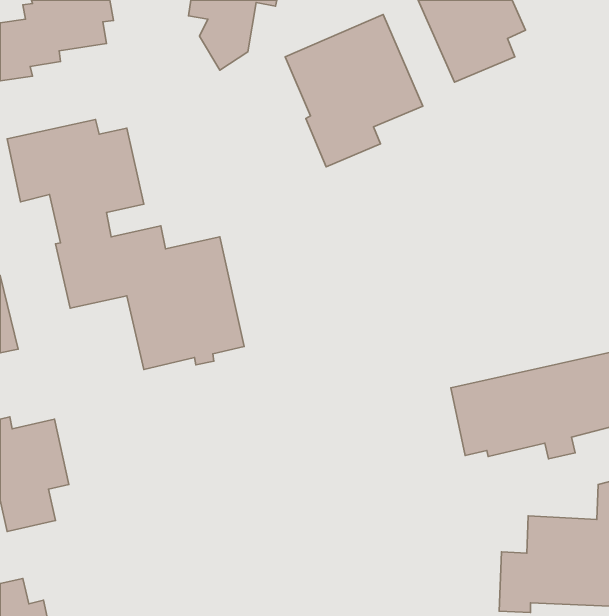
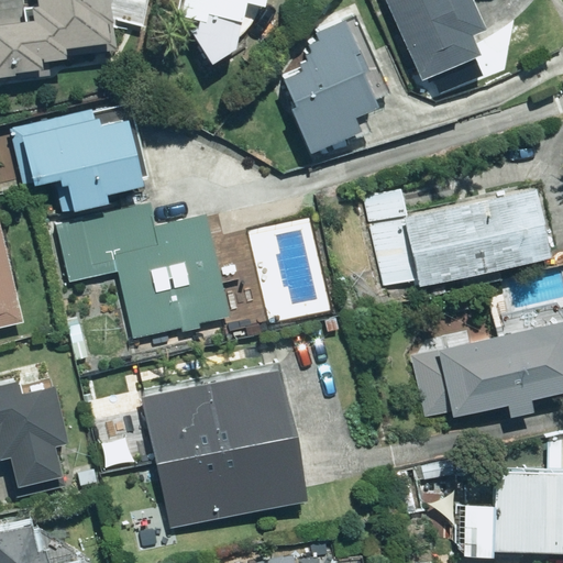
building: none -> [368,187,547,287]
building: none -> [104,364,302,530]

